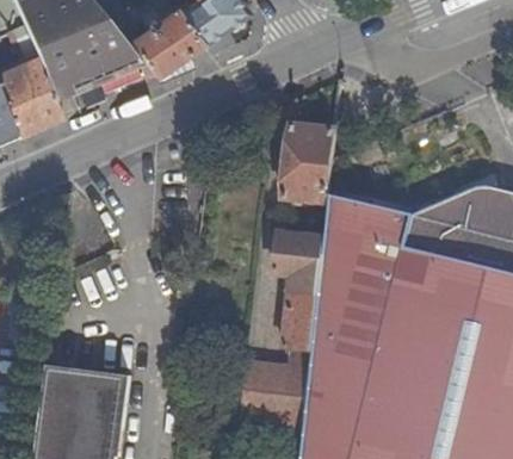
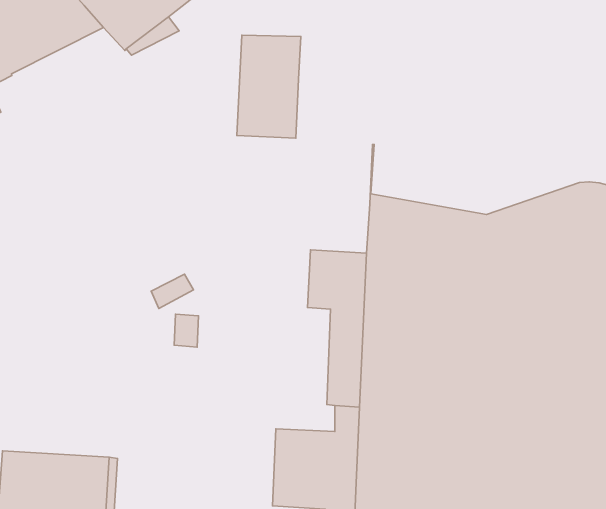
building: [285,125,336,203] -> [237,35,301,138]

